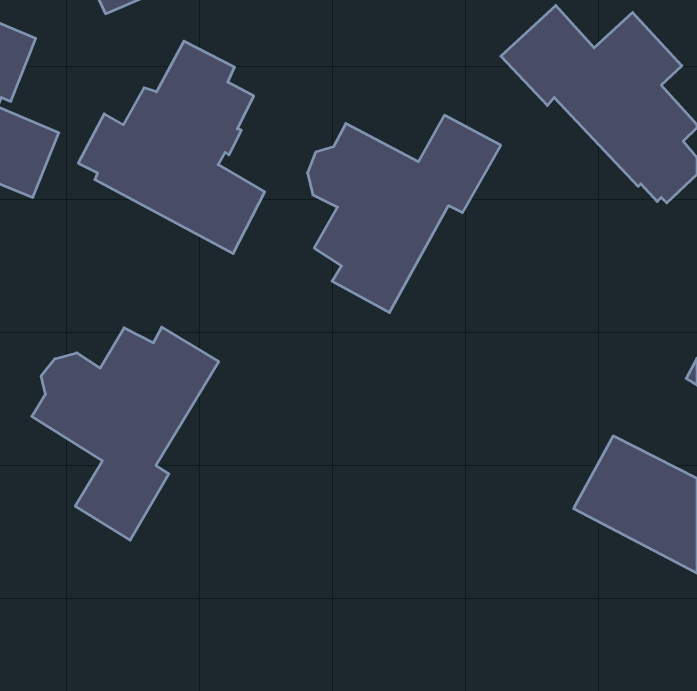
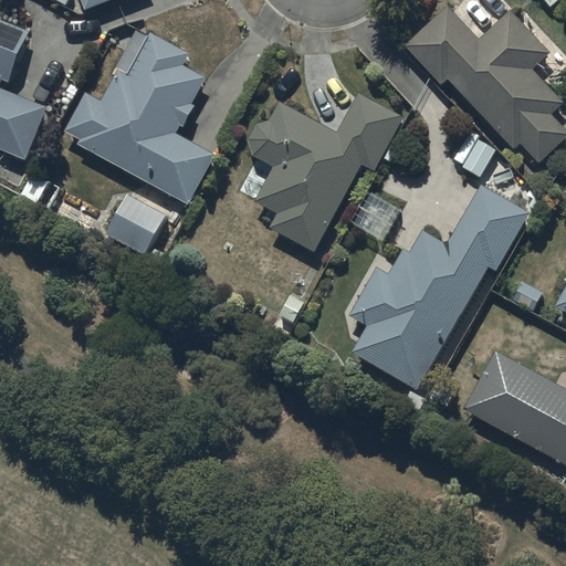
building: none -> [348,185,528,389]
building: none -> [103,192,167,256]
building: [32,327,219,540] -> none

